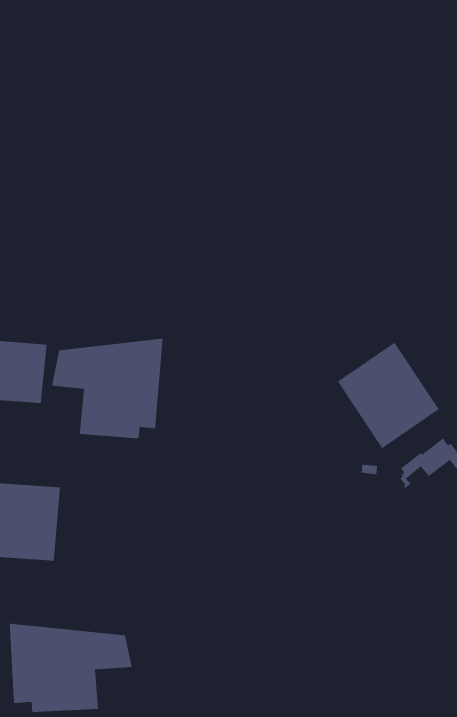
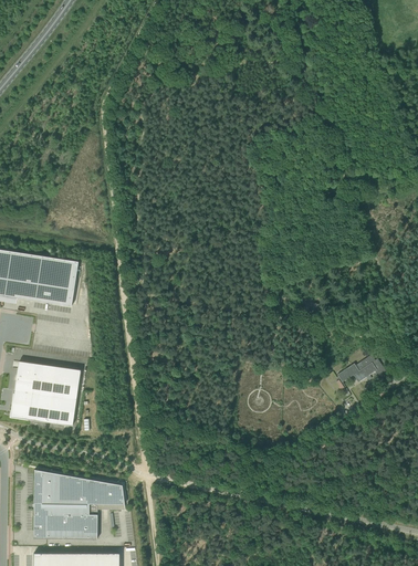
building: [51,338,163,439] -> none
building: [337,342,440,449] -> none

